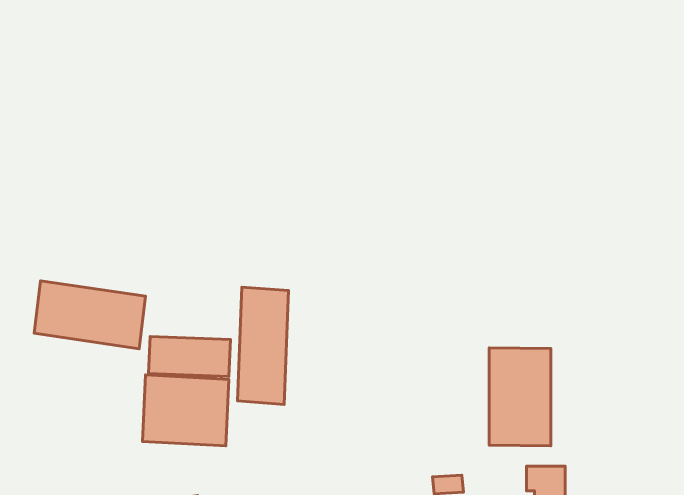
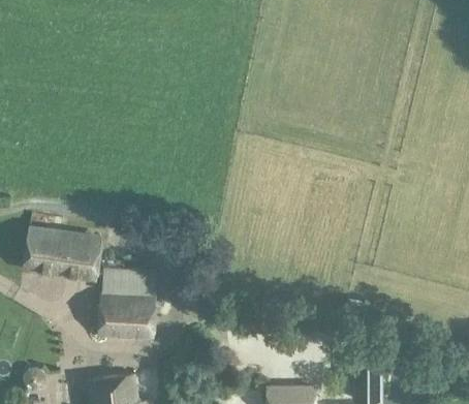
building: [237,287,289,404] -> none
building: [489,348,551,446] -> none

